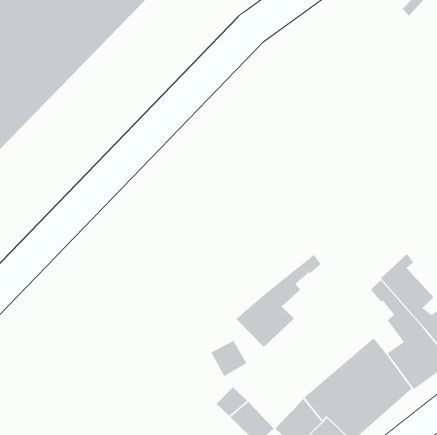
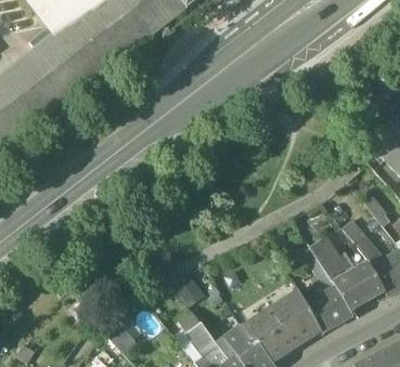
building: [235,254,321,348] -> none

